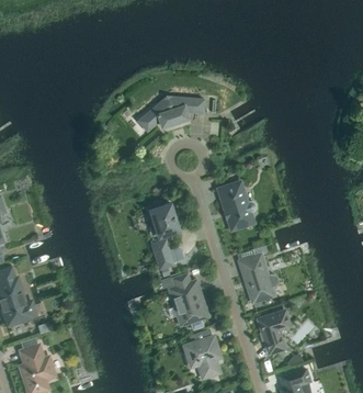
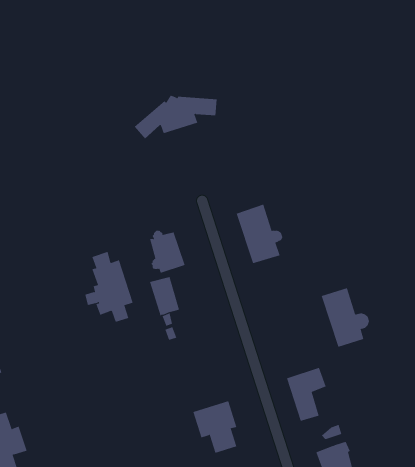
building: [239,254,277,301] -> [321,288,370,348]
building: [168,274,206,330] -> [84,251,133,322]

